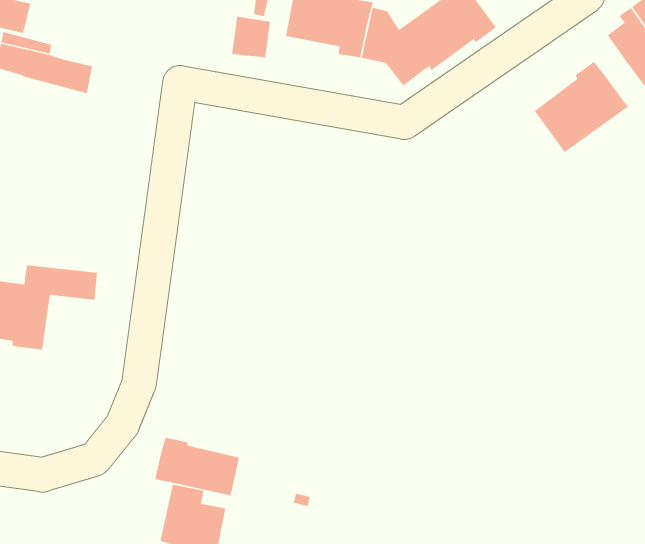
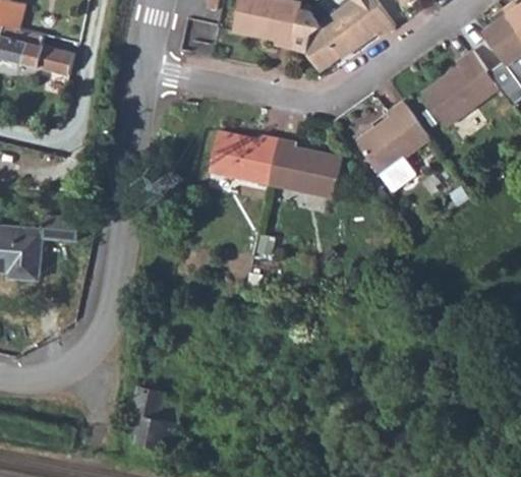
building: none -> [359,100,433,187]
building: none -> [210,131,338,198]
building: [155,437,240,496] -> none

